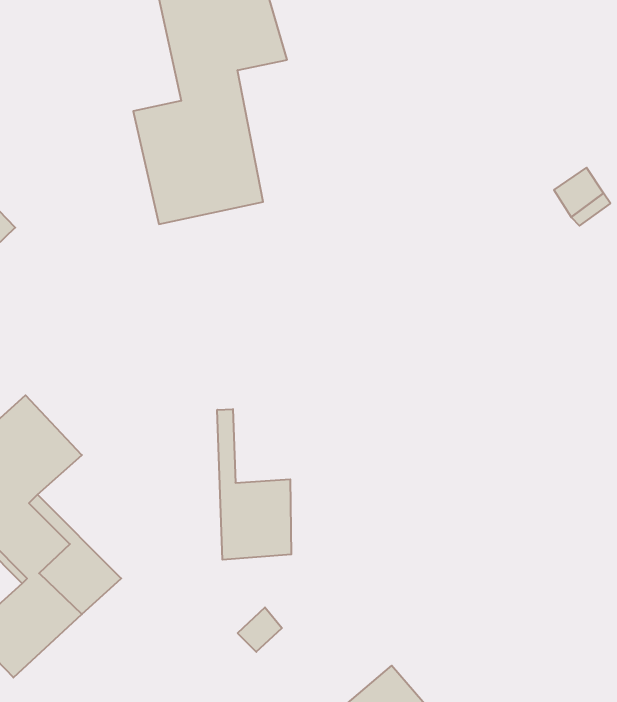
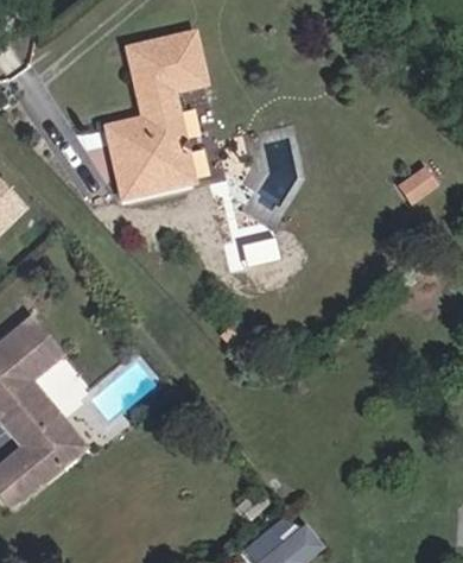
building: [217,409,291,560] -> none

